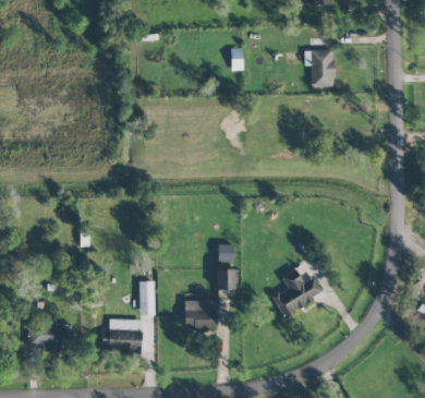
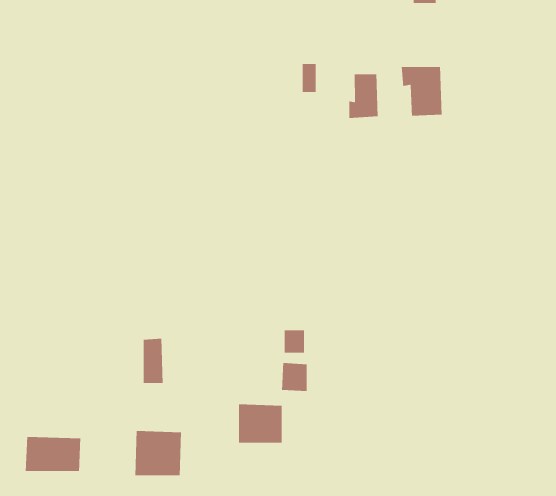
building: none -> [348,73,379,119]
building: [274,268,325,316] -> none
building: [141,280,156,314] -> [143,338,164,384]

